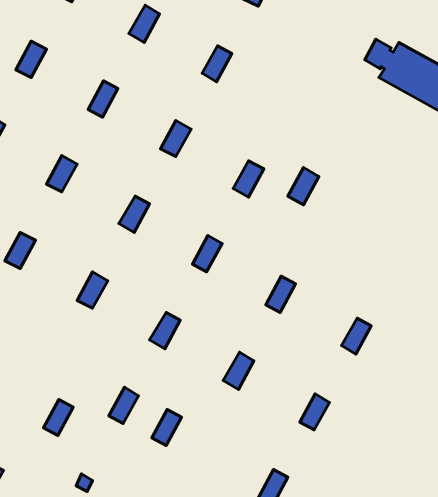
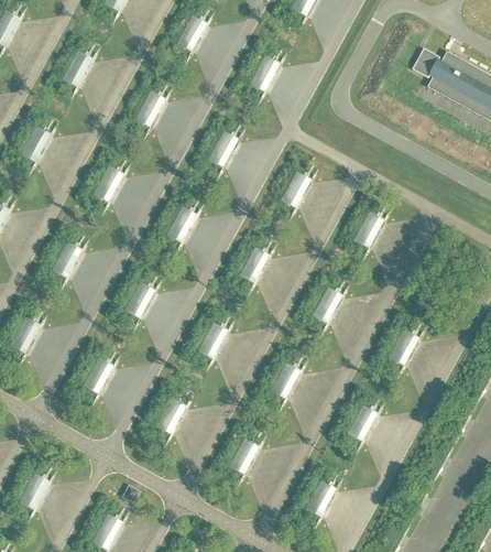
building: [288,168,319,205] -> [351,208,382,246]
building: [44,399,73,436] -> [80,356,110,392]
building: [152,409,181,446] -> [227,436,257,473]

